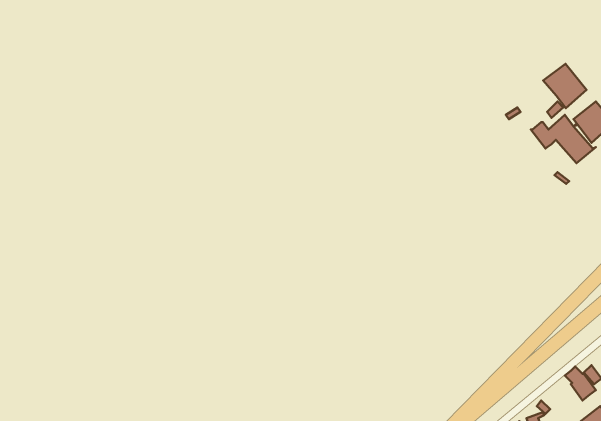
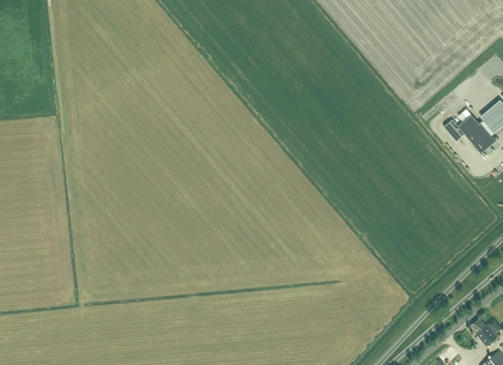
building: [543,64,587,108] -> none

